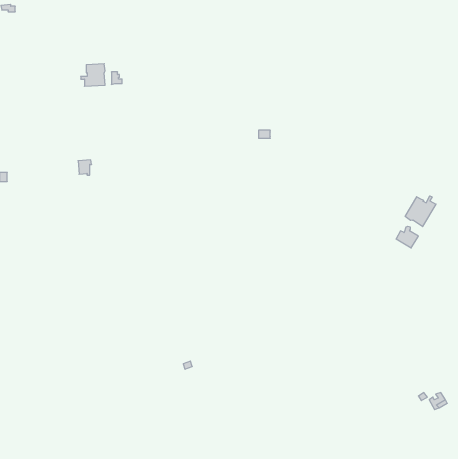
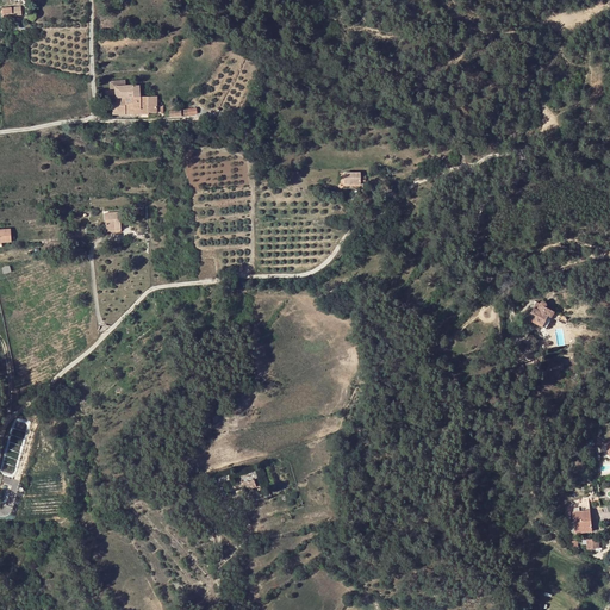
building: [405,196,436,227] -> none

